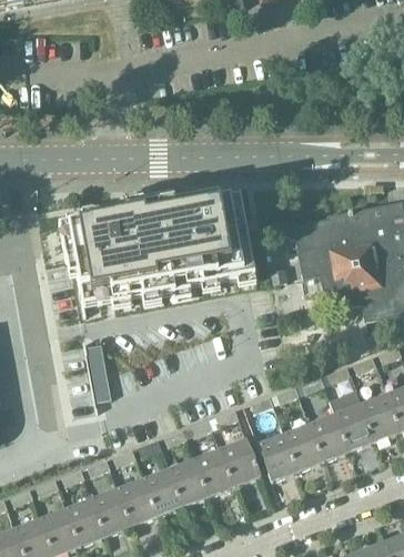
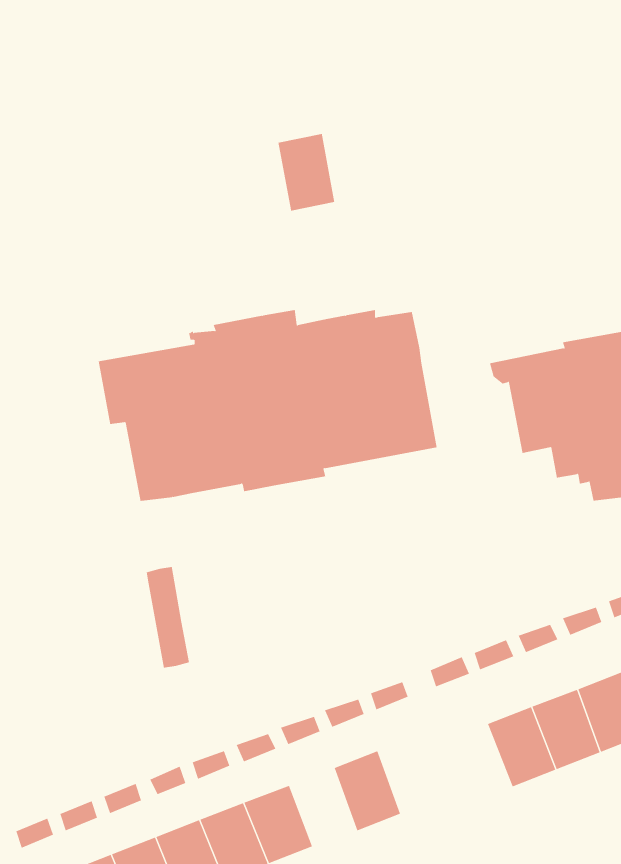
building: none -> [278,133,335,211]
building: [257,434,297,480] -> none
building: [220,439,260,486] -> none
building: [169,459,208,505] -> none

